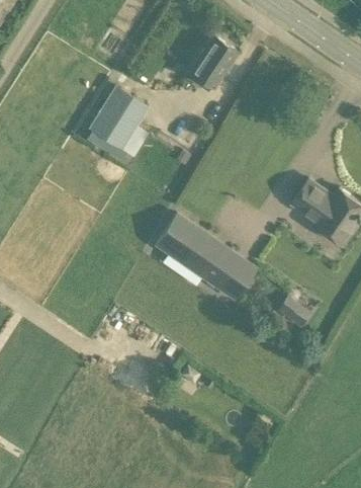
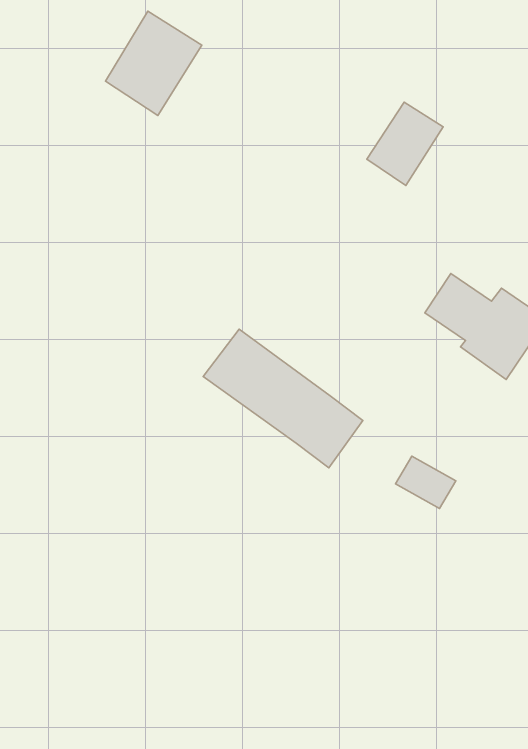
building: [189,36,237,88] -> [367,102,443,185]
building: [89,86,149,151] -> [106,11,202,115]

